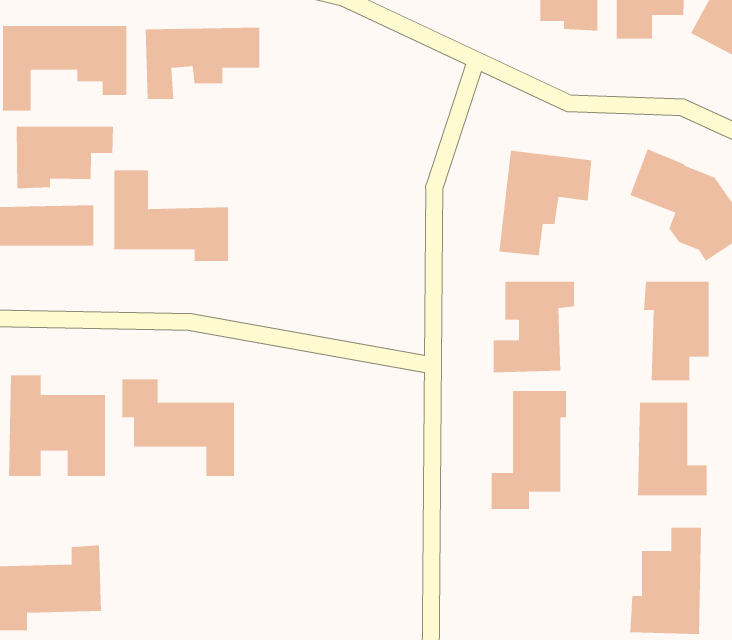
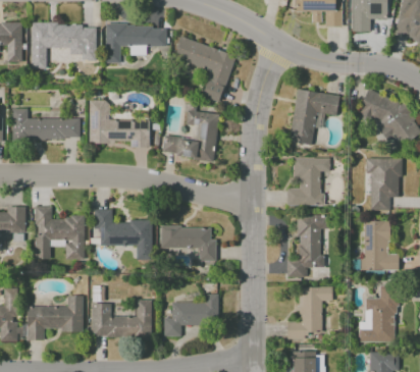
building: none -> [174,39,235,102]
building: [16,126,113,189] -> none
building: none -> [162,111,219,160]
building: none -> [161,226,217,261]
building: none -> [287,287,332,339]
building: none -> [164,295,219,336]
building: none -> [92,300,153,338]

